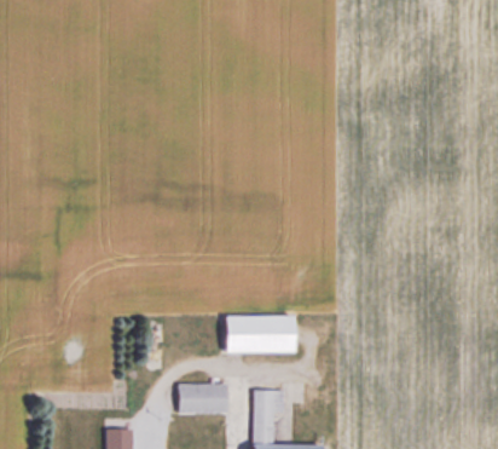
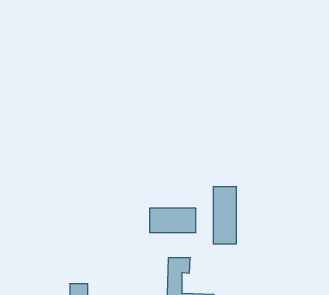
building: none -> [213,186,236,244]
building: [179,384,227,413] -> none

